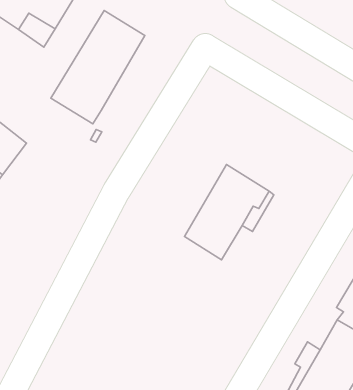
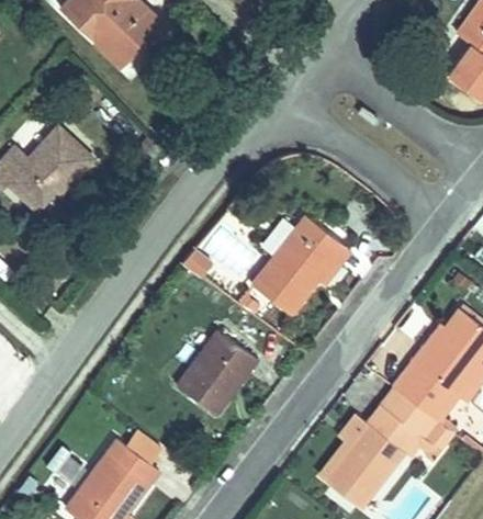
building: [51,10,145,124] -> none
building: none -> [166,328,246,409]

